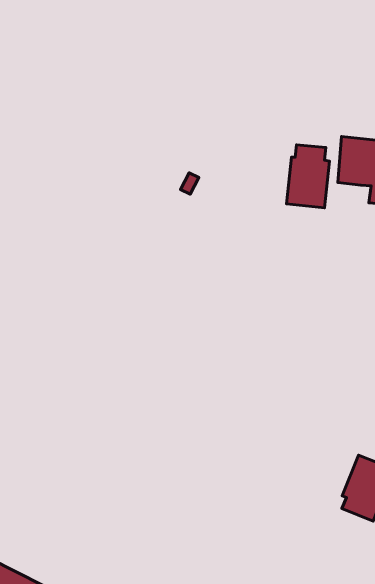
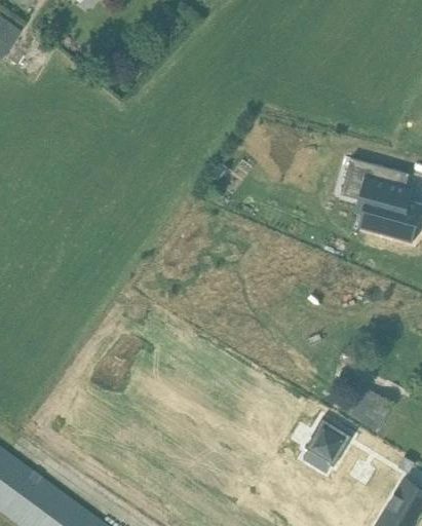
building: [286,145,329,208] -> none

